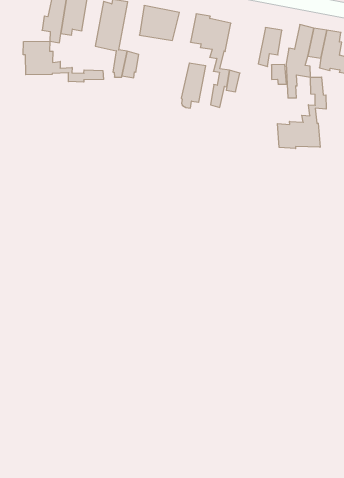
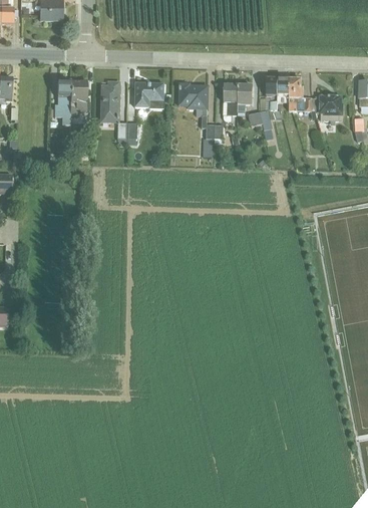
building: [23,41,104,82] -> none
building: [181,63,206,108] -> [222,83,238,120]
building: [277,77,326,149] -> none

